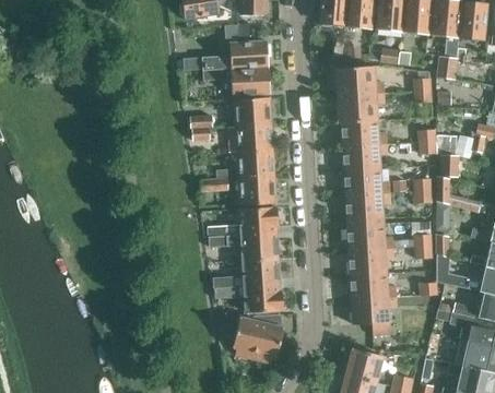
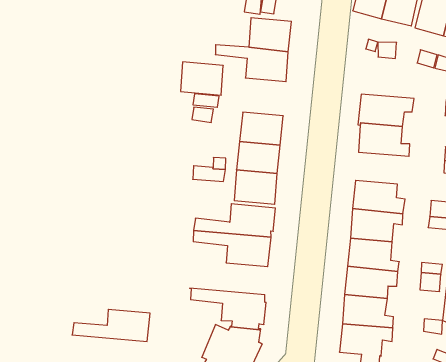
building: [335,66,385,95] -> none
building: [234,98,272,127] -> [181,62,223,95]
building: [343,143,388,171] -> none
building: [213,259,280,288] -> [72,309,150,341]

